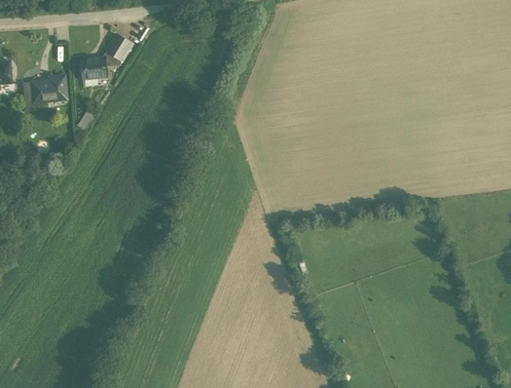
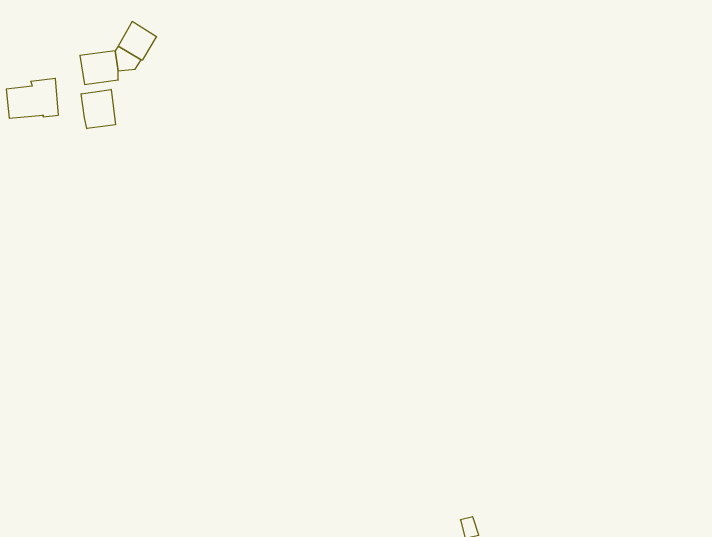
building: none -> [81,89,115,129]

